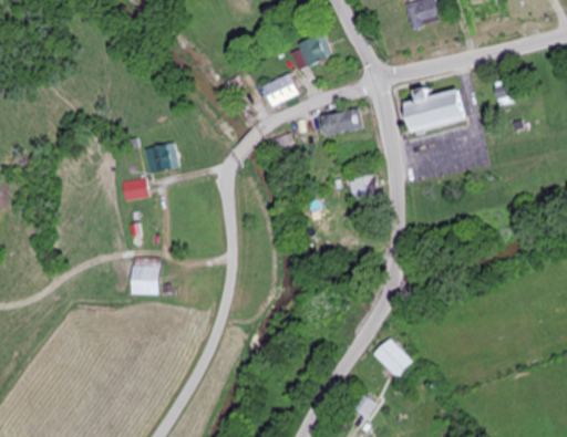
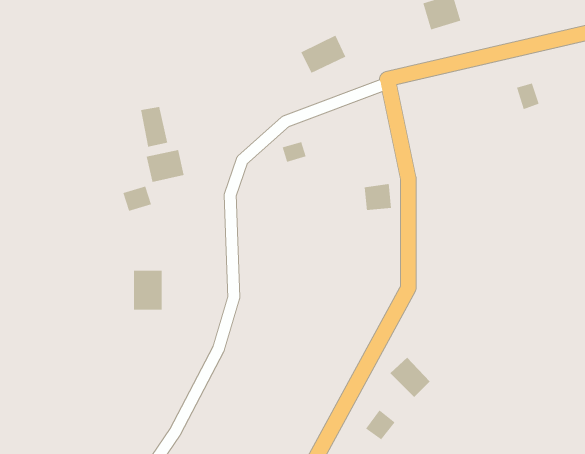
building: [262,73,298,105] -> none
building: [404,87,465,133] -> none
building: none -> [141,106,168,148]
building: [322,108,362,136] -> none

